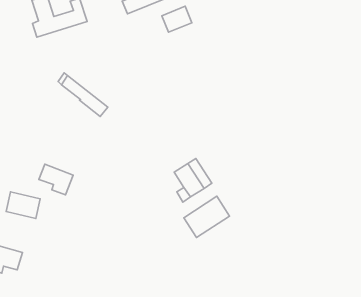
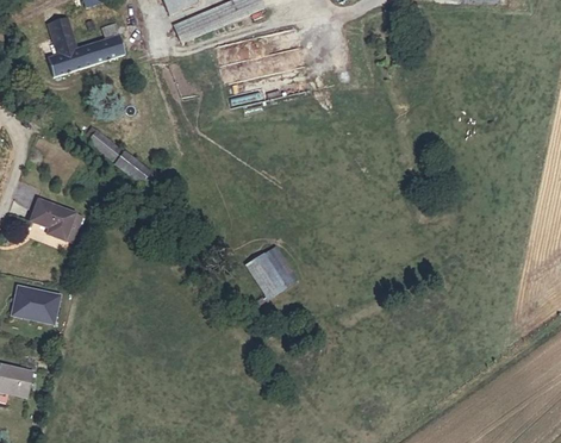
building: [162,6,192,32] -> none
building: [39,164,73,195] -> [30,196,77,239]
building: [184,196,229,238] -> none

